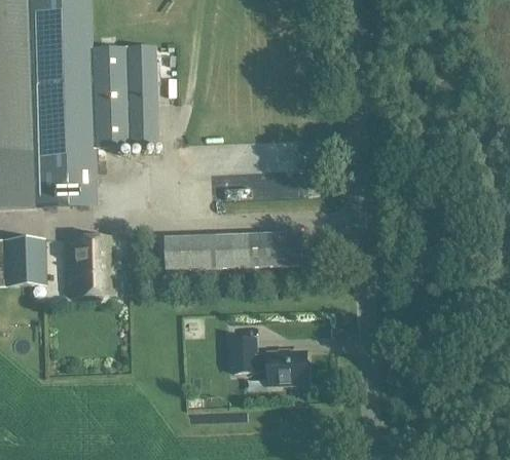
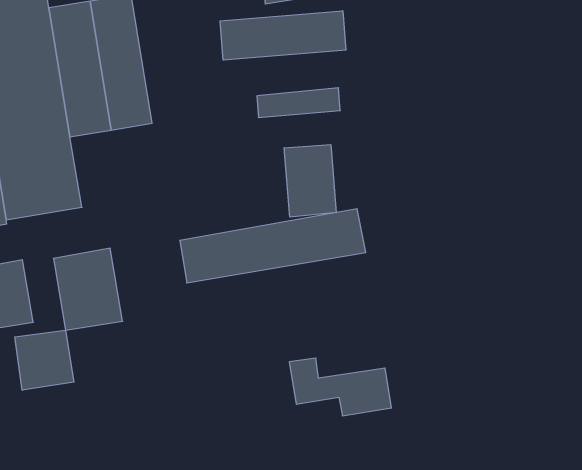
building: none -> [220,11,346,60]
building: none -> [284,145,336,217]
building: none -> [15,330,74,390]

